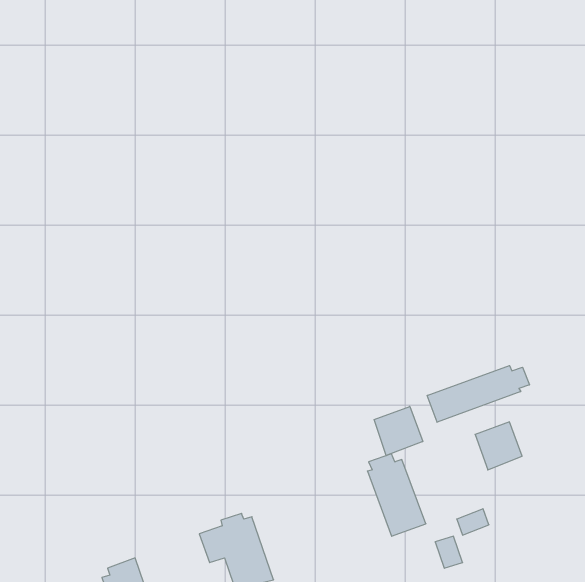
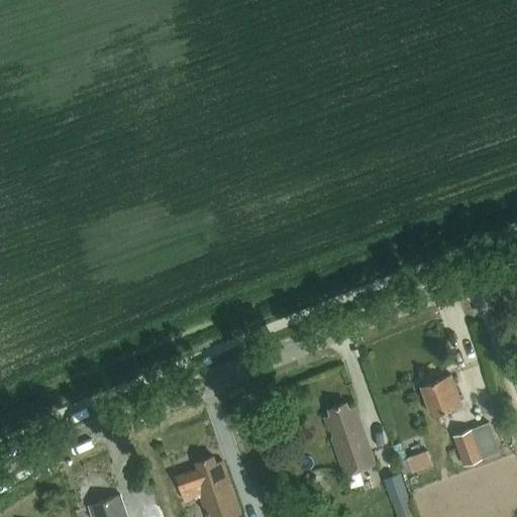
building: [427,366,529,422] -> none
building: [374,406,423,456] -> none
building: none -> [453,423,500,467]

